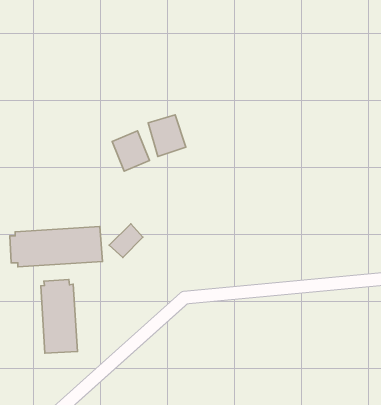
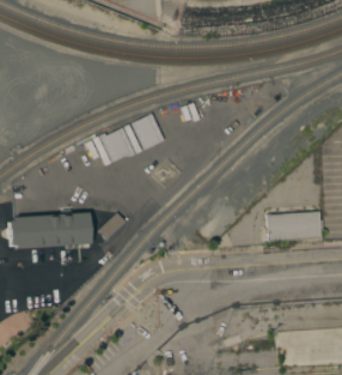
building: none -> [267,205,324,242]
building: [41,279,77,353] -> none

